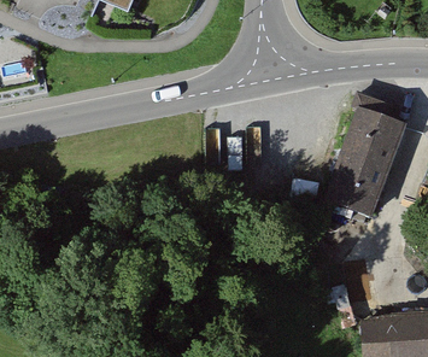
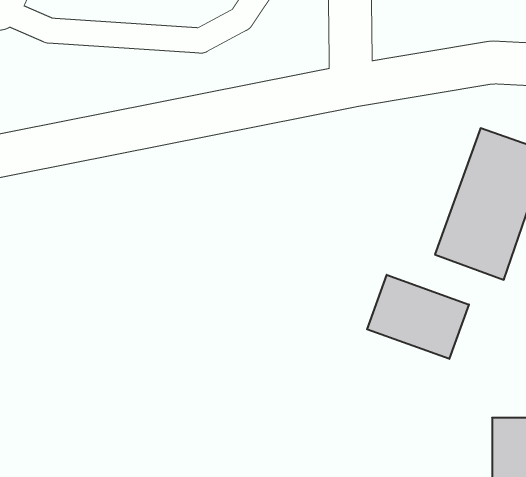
building: none -> [367,275,469,359]

